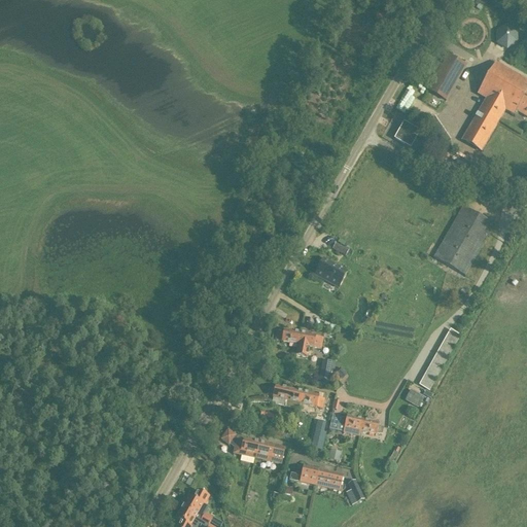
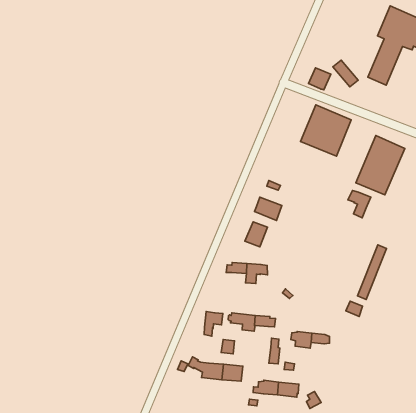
building: [428,51,466,96] -> none
building: none -> [300,105,351,156]
building: none -> [348,190,371,218]
building: none -> [245,222,267,247]
building: none -> [204,312,223,336]

